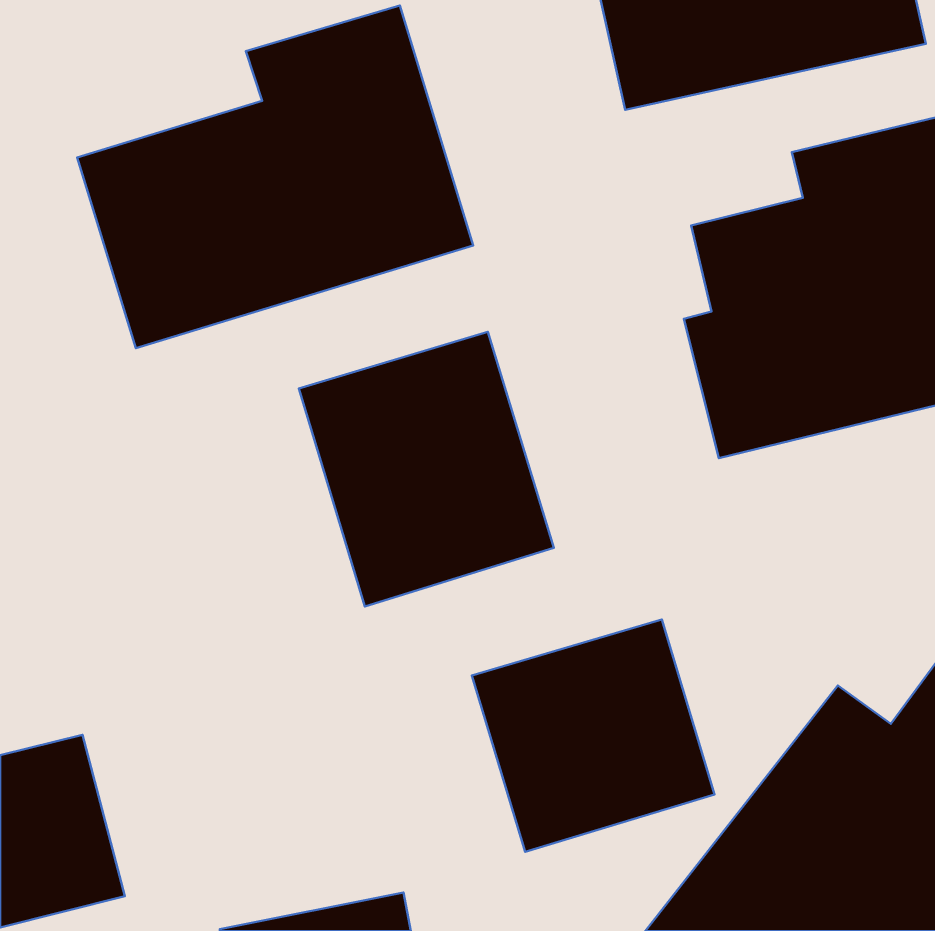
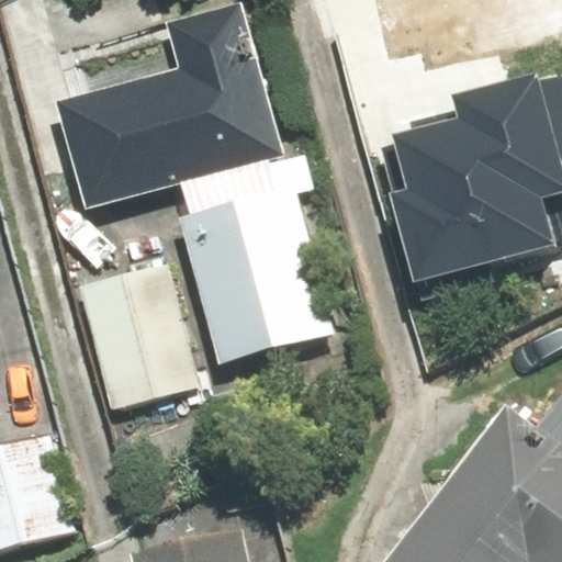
building: none -> [71,263,189,415]
building: [472,619,714,852] -> none

